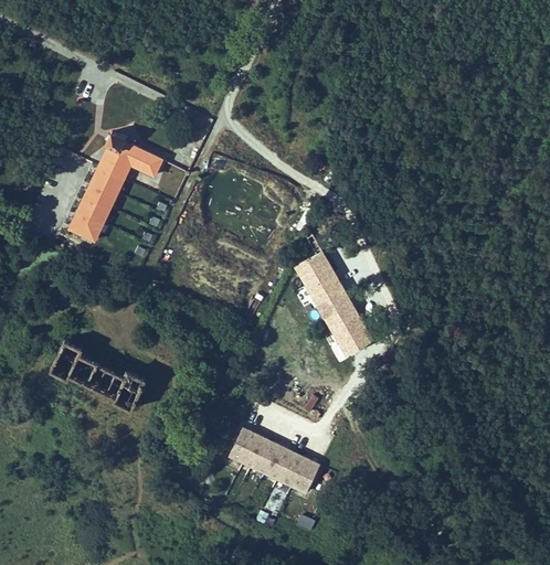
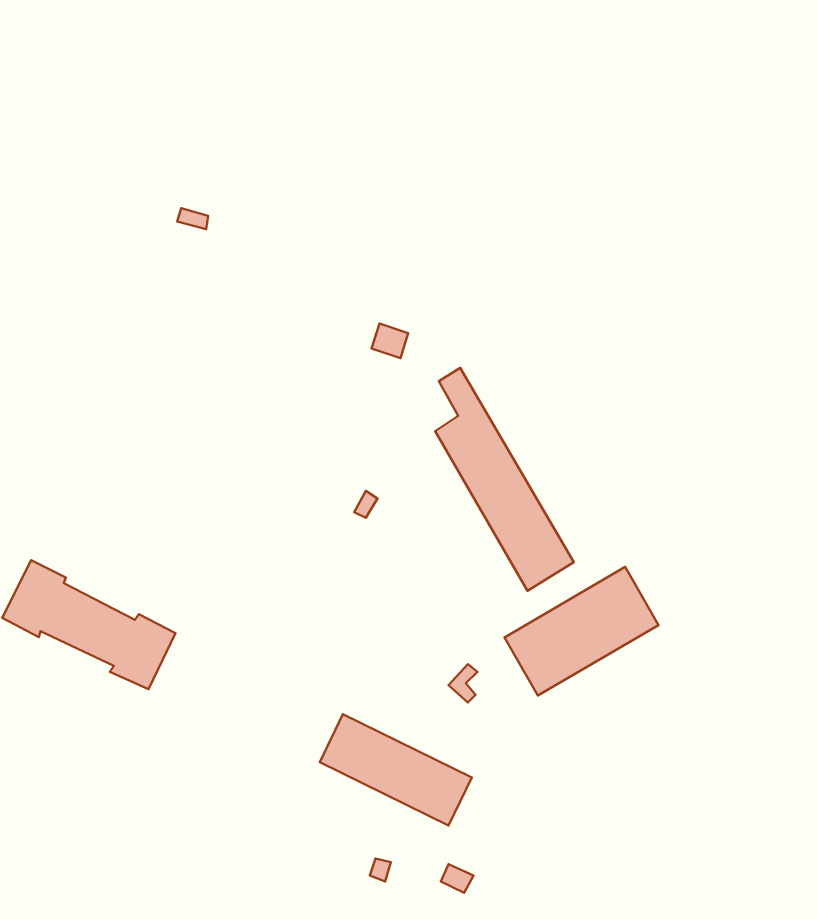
building: [67,131,163,242] -> none
building: none -> [505,567,659,696]

